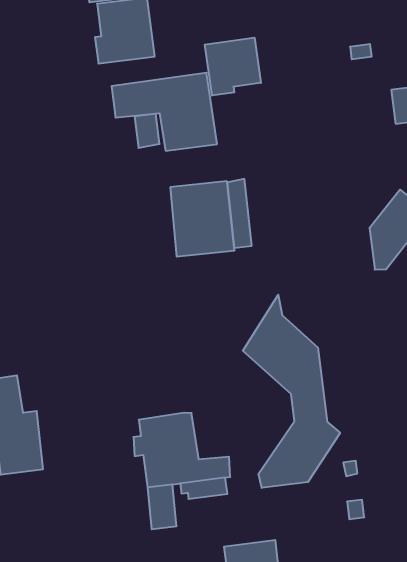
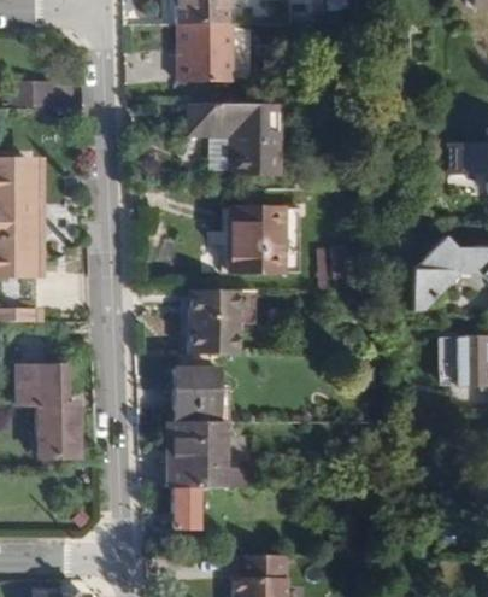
building: [205,38,261,96] -> none
building: none -> [189,292,239,355]
building: [243,295,340,488] -> none
building: none -> [174,368,217,422]

